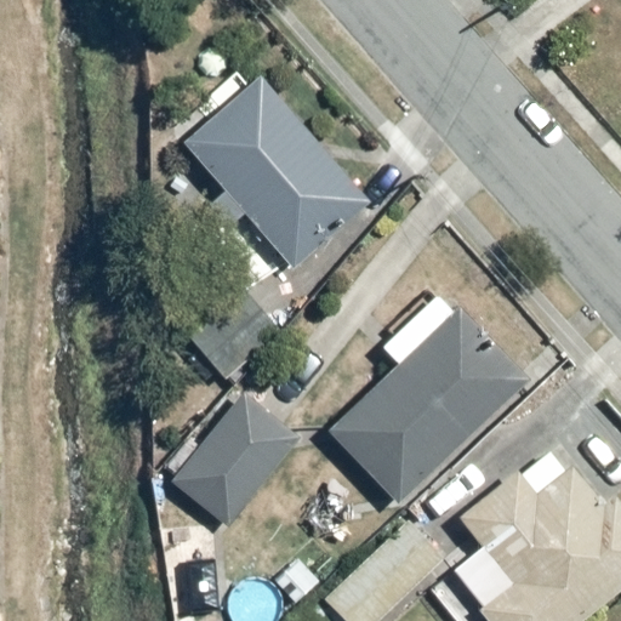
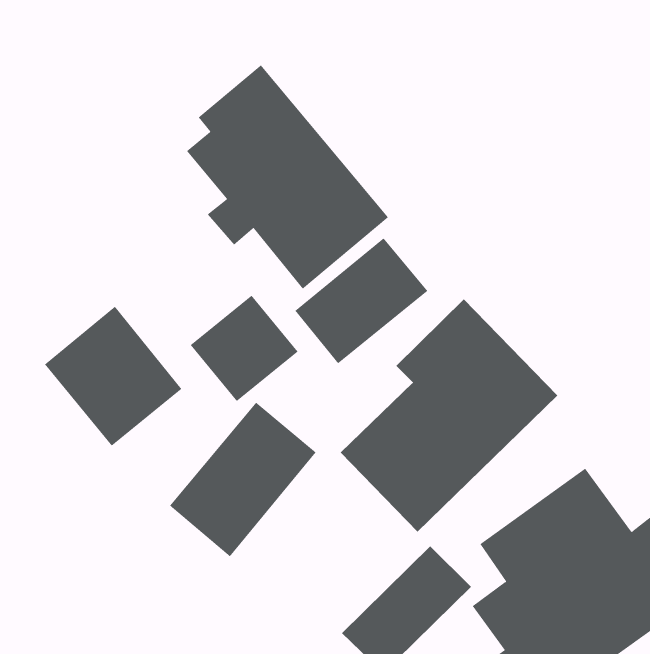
building: none -> [295,238,428,364]
building: none -> [44,306,182,446]

